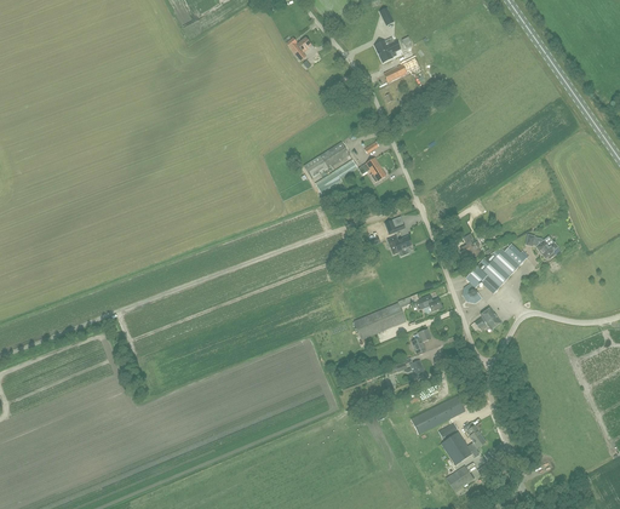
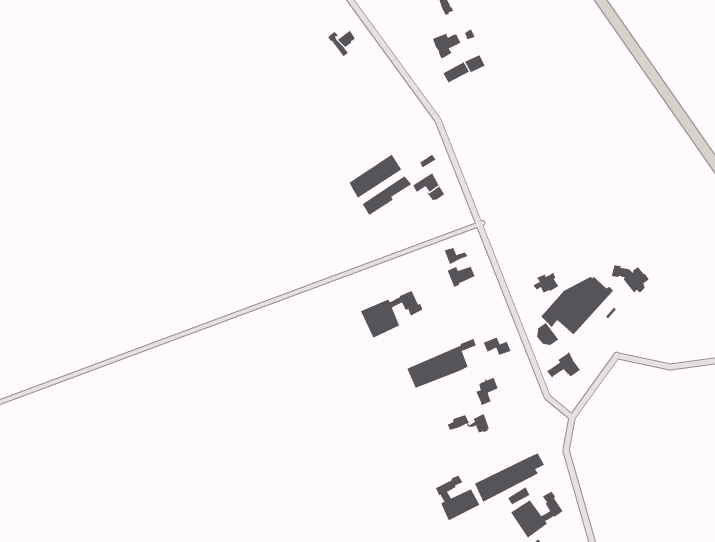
building: none -> [360,290,423,338]
building: none -> [435,475,480,521]

